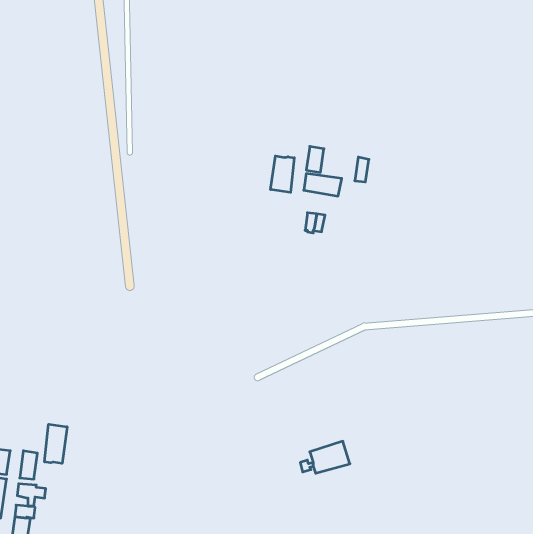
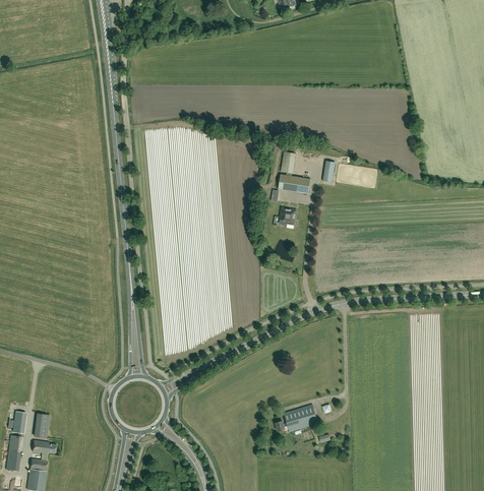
building: [271,156,294,192] -> none
building: [45,424,67,463] -> none

